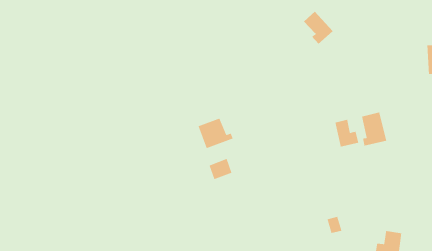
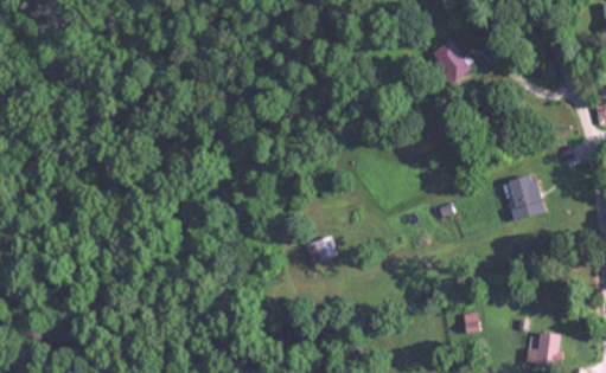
building: [198,118,234,149] -> none
building: [334,119,359,148] -> none

